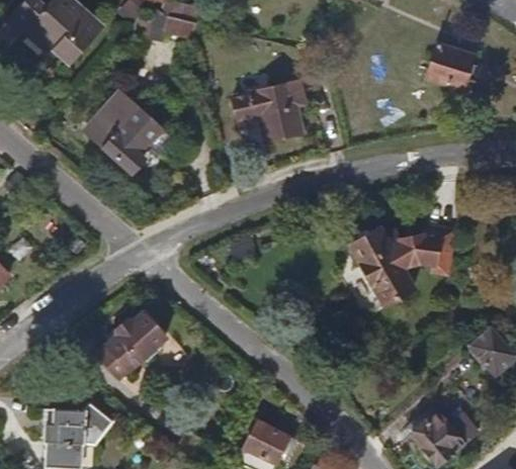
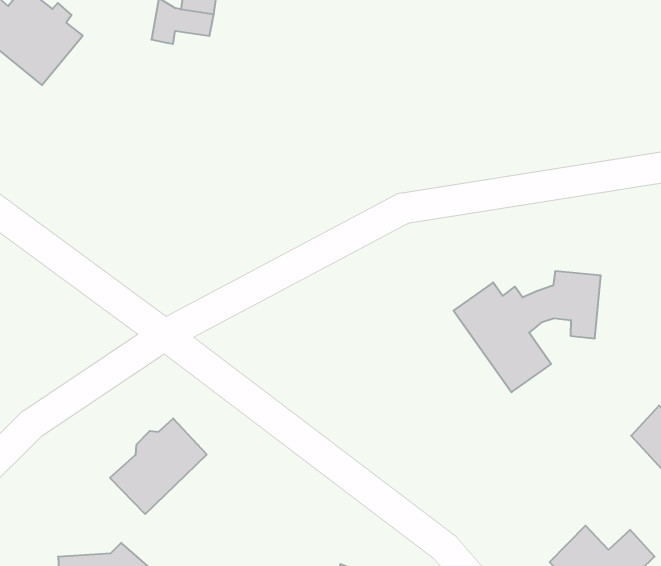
building: [426,44,475,91] -> none
building: [234,83,304,140] -> none
building: [83,93,158,173] -> none

